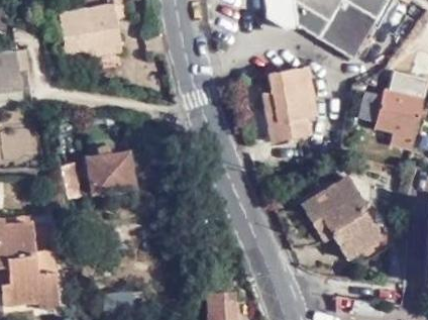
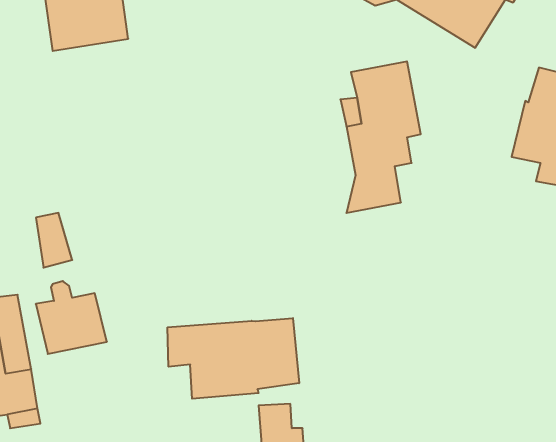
building: [88,147,135,196] -> [36,281,107,354]
building: [302,175,381,256] -> none
building: none -> [168,318,299,399]

